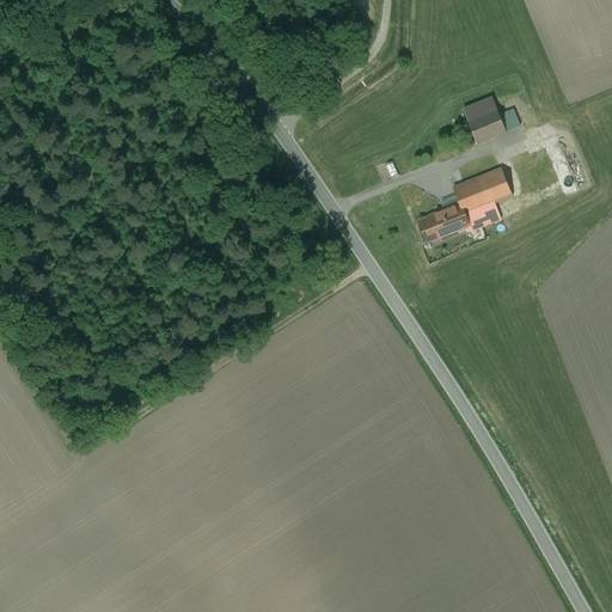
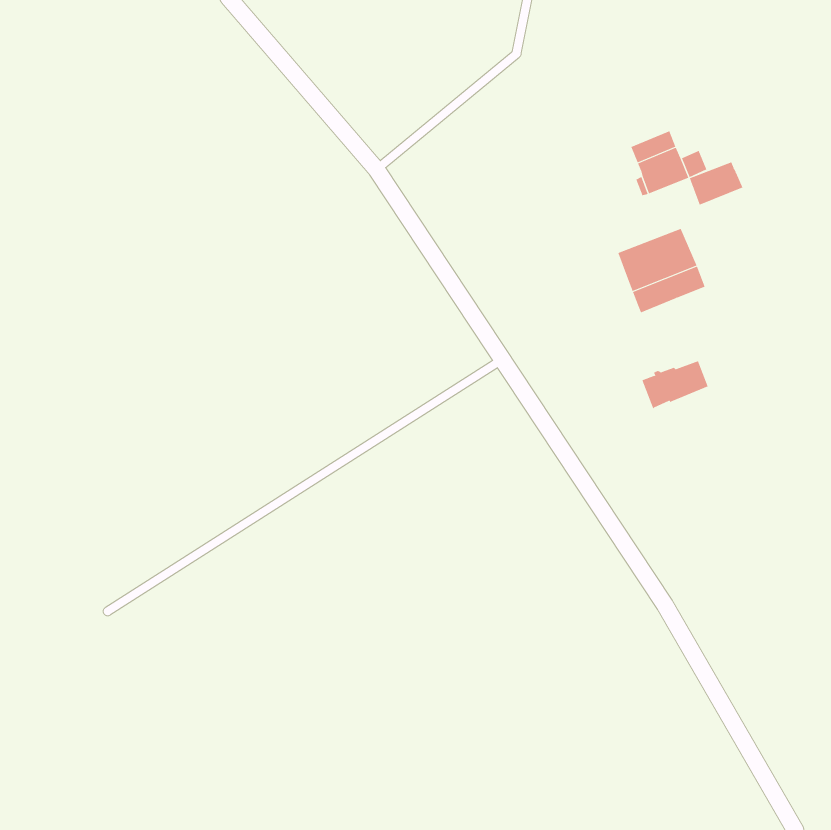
building: none -> [689,161,743,205]
building: [418,204,467,240] -> [642,361,708,409]

